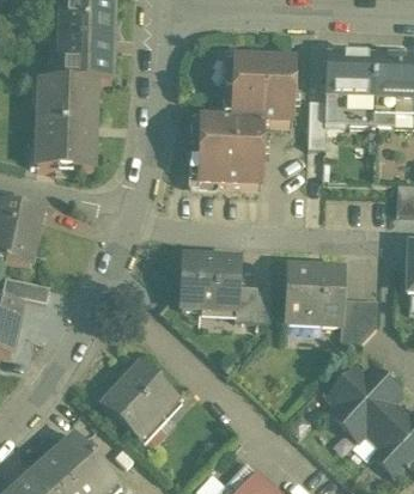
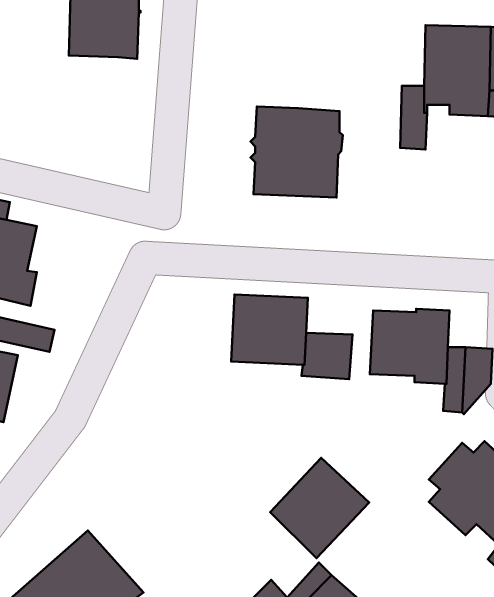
building: [229,55,294,120] -> none
building: [37,75,96,166] -> none
building: [101,360,175,435] -> [270,458,369,558]

